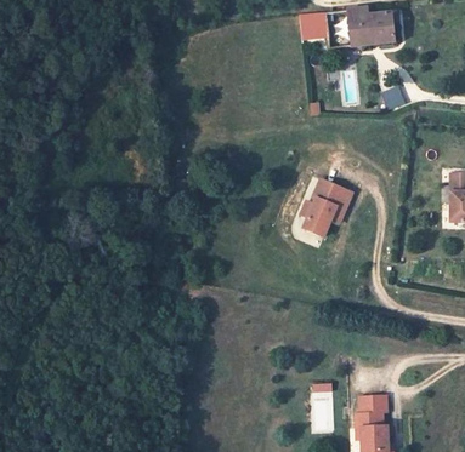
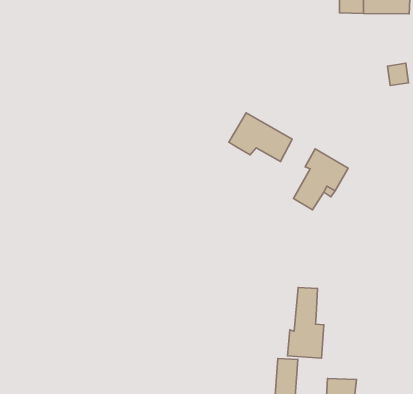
building: none -> [229,113,292,162]
building: none -> [288,288,324,358]

